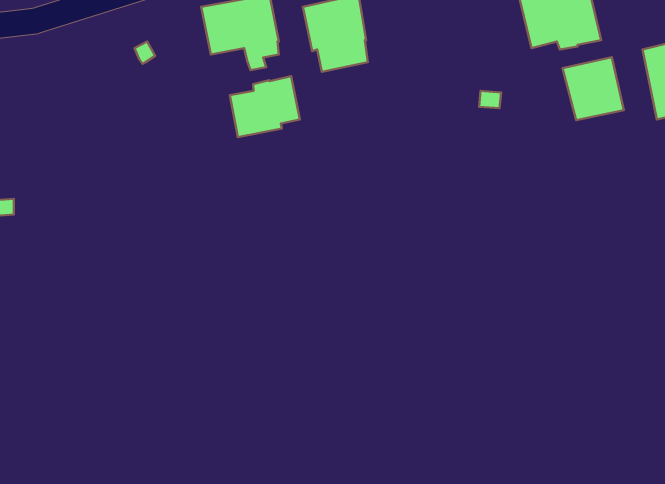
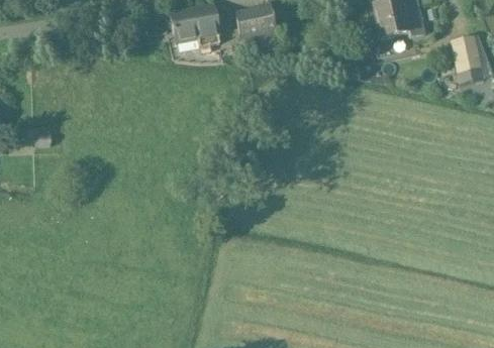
building: [562,57,624,120] -> none
building: [230,76,300,137] -> none

